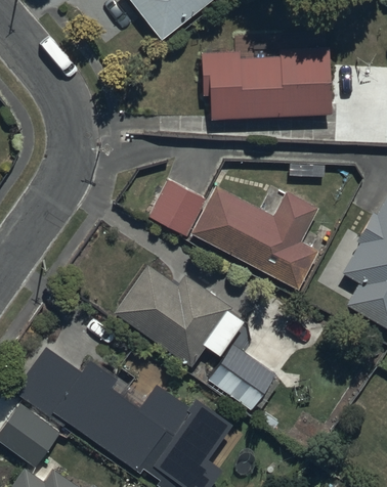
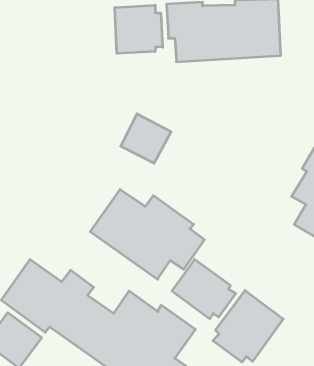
building: none -> [115,5,163,53]
building: [191,184,321,287] -> none
building: none -> [213,290,283,362]

